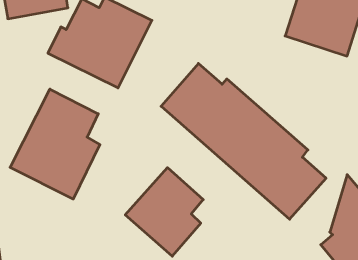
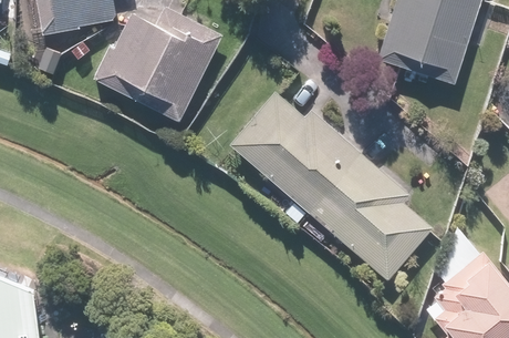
building: [10,89,100,199] -> none
building: [125,168,203,256] -> none

